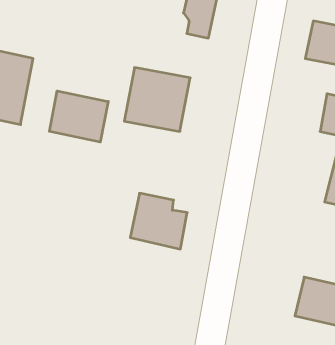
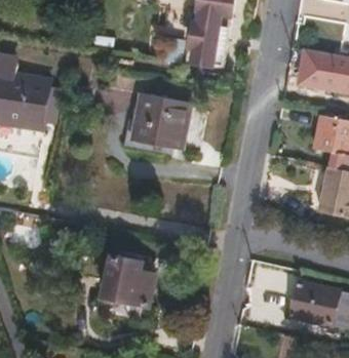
building: [49,91,108,142] -> none
building: [130,193,187,249] -> [103,255,154,306]

